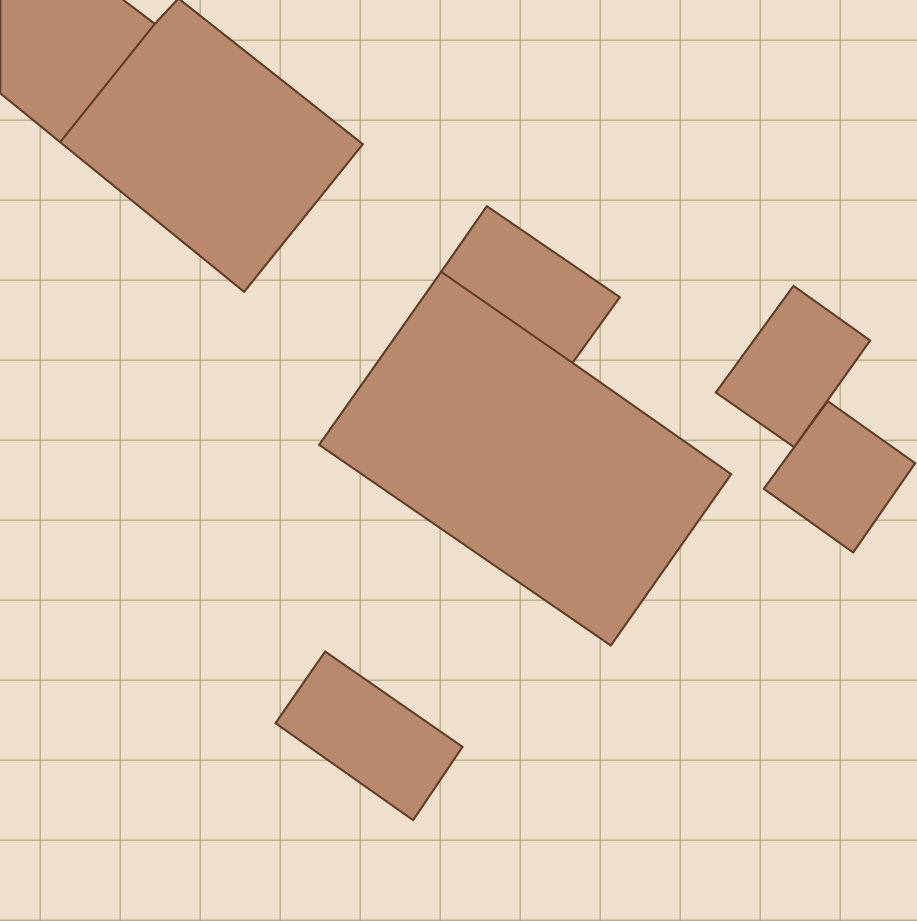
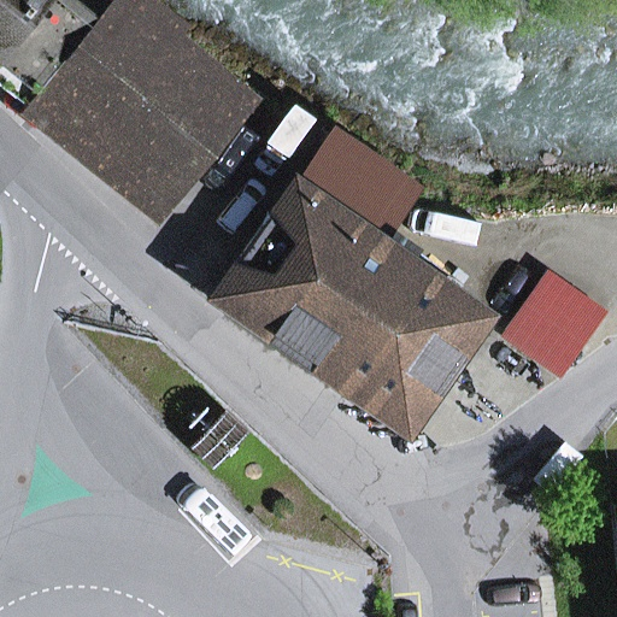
building: [716,286,870,447] -> none
building: [275,651,462,820] -> none

